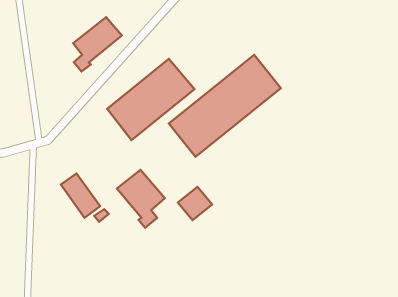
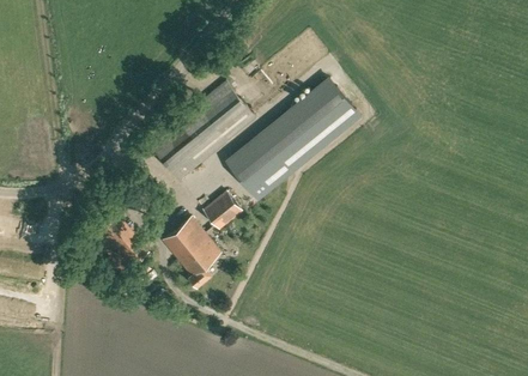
building: [73,17,122,72] -> none
building: [178,187,212,220] -> [200,188,242,229]

